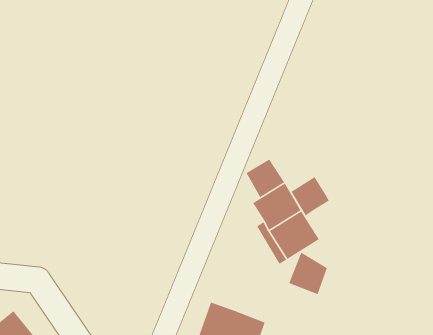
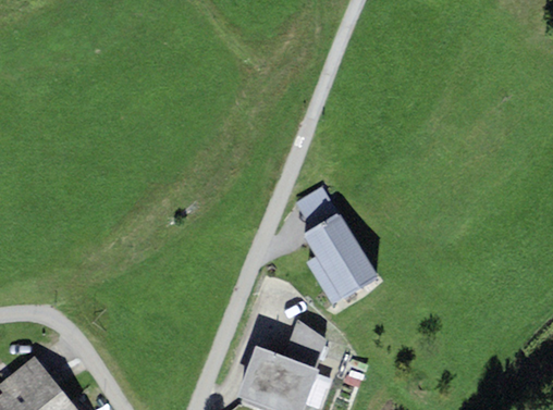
building: [290,176,330,216] -> none
building: [288,252,328,295] -> [283,321,328,370]

